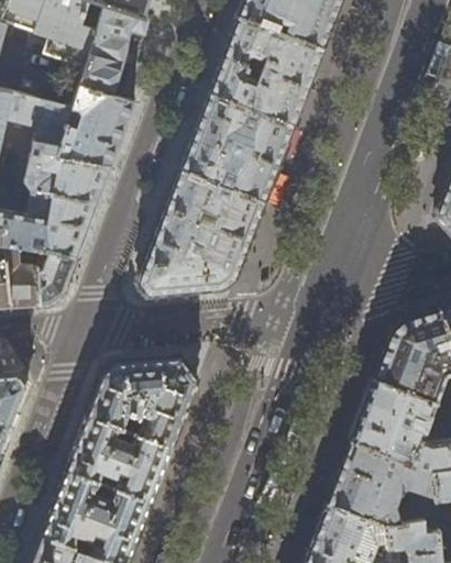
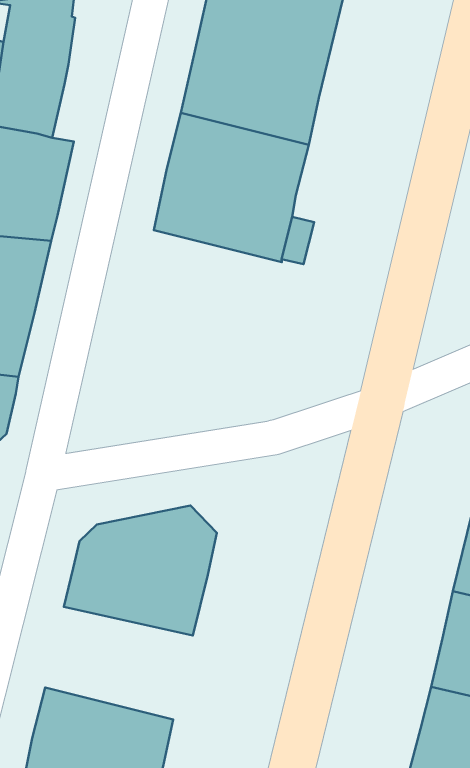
building: [139,170,265,295] -> none
building: [67,417,172,503] -> none

